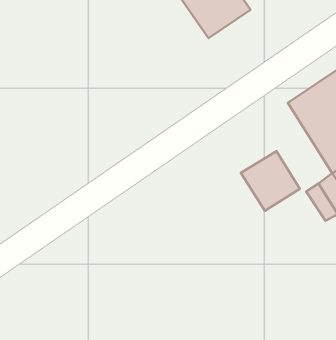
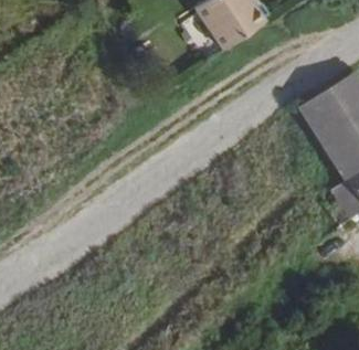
building: [241,151,300,211] -> none

